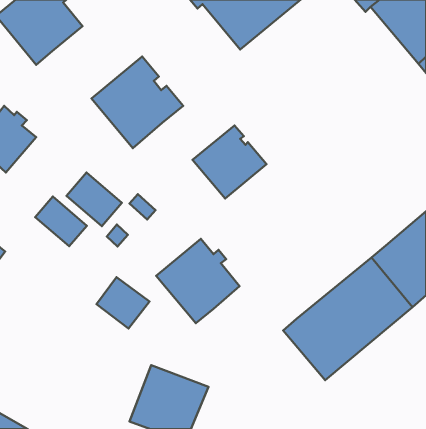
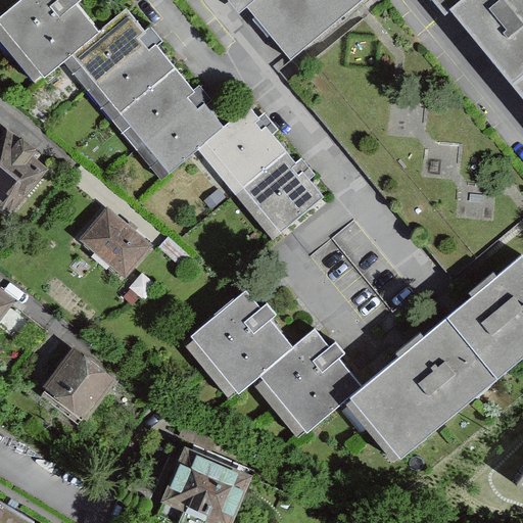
building: none -> [63,10,173,120]
building: none -> [197,107,285,194]
building: [35,197,87,246] -> none
building: none -> [259,331,361,432]
building: [96,277,149,329] -> [46,356,110,419]

